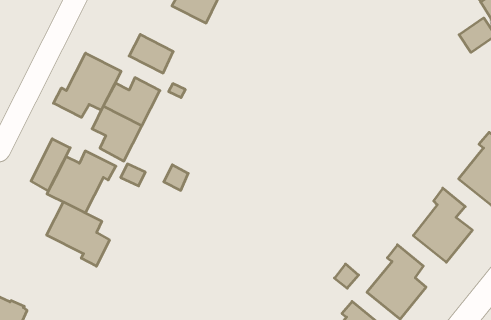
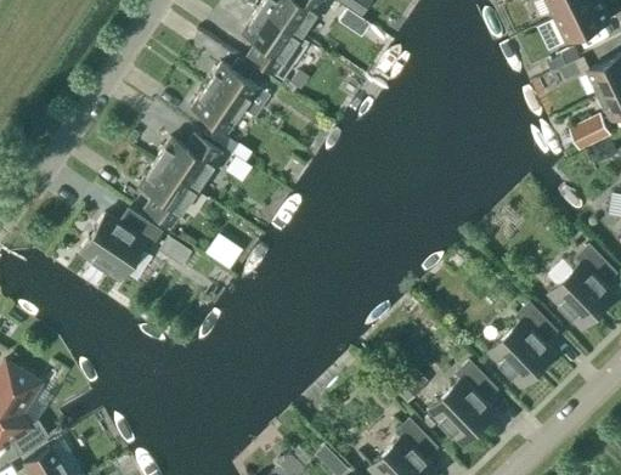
building: none -> [205,64,256,111]
building: [53,53,121,117] -> none
building: [31,139,70,191] -> none
building: [47,202,109,266] -> none

